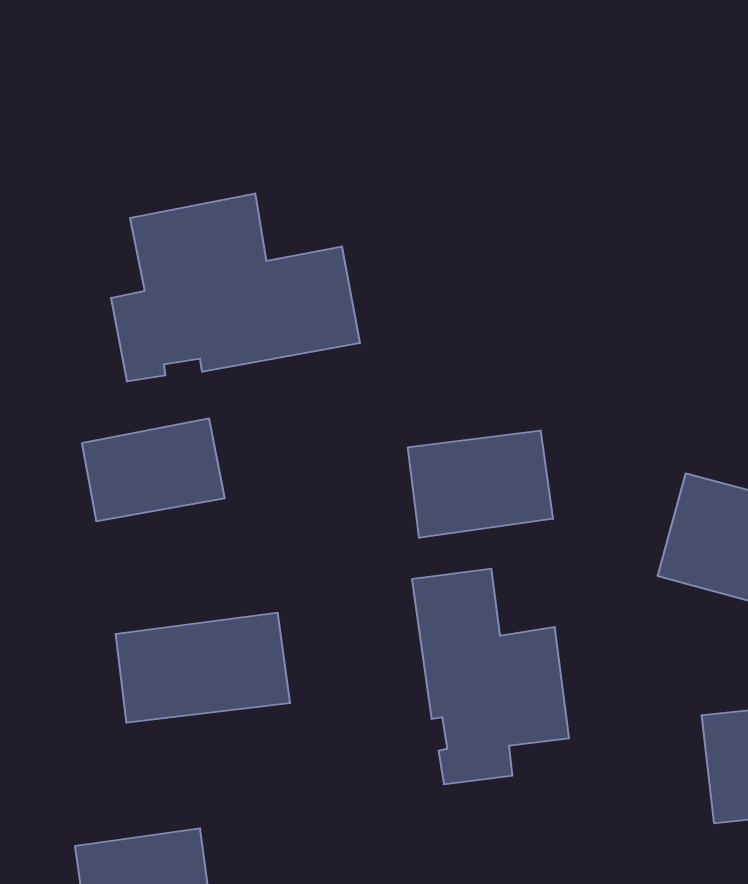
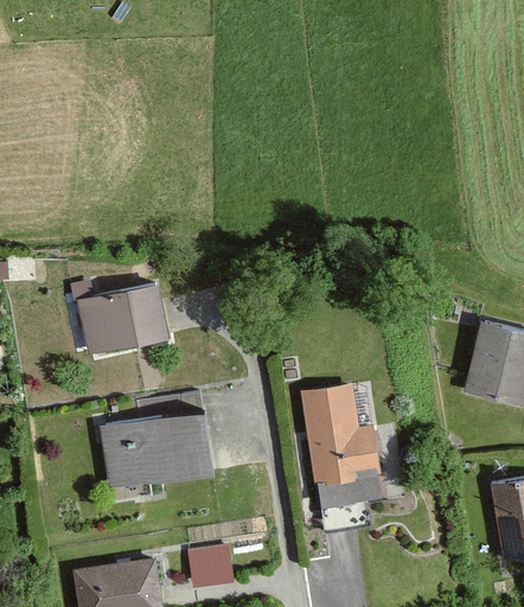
building: [111,193,360,382] -> none
building: [408,430,553,538] -> none
building: none -> [184,545,230,584]

